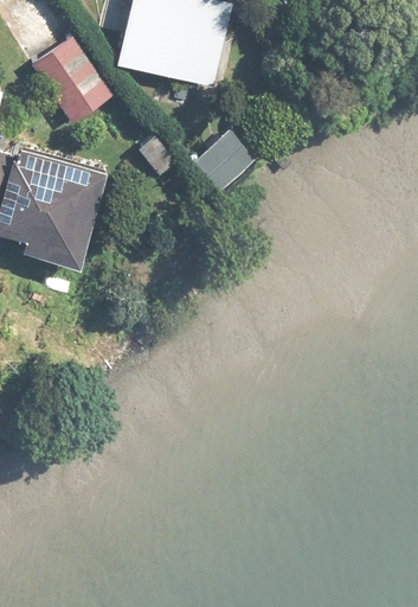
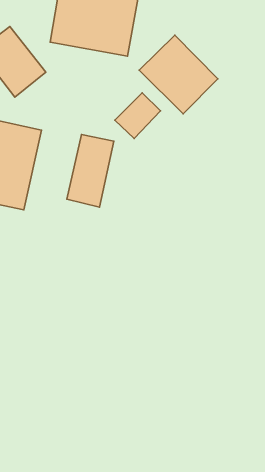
building: none -> [139,35,218,114]
building: none -> [67,134,114,207]

